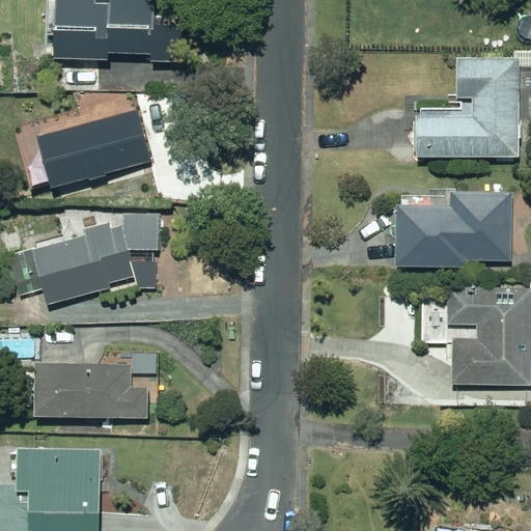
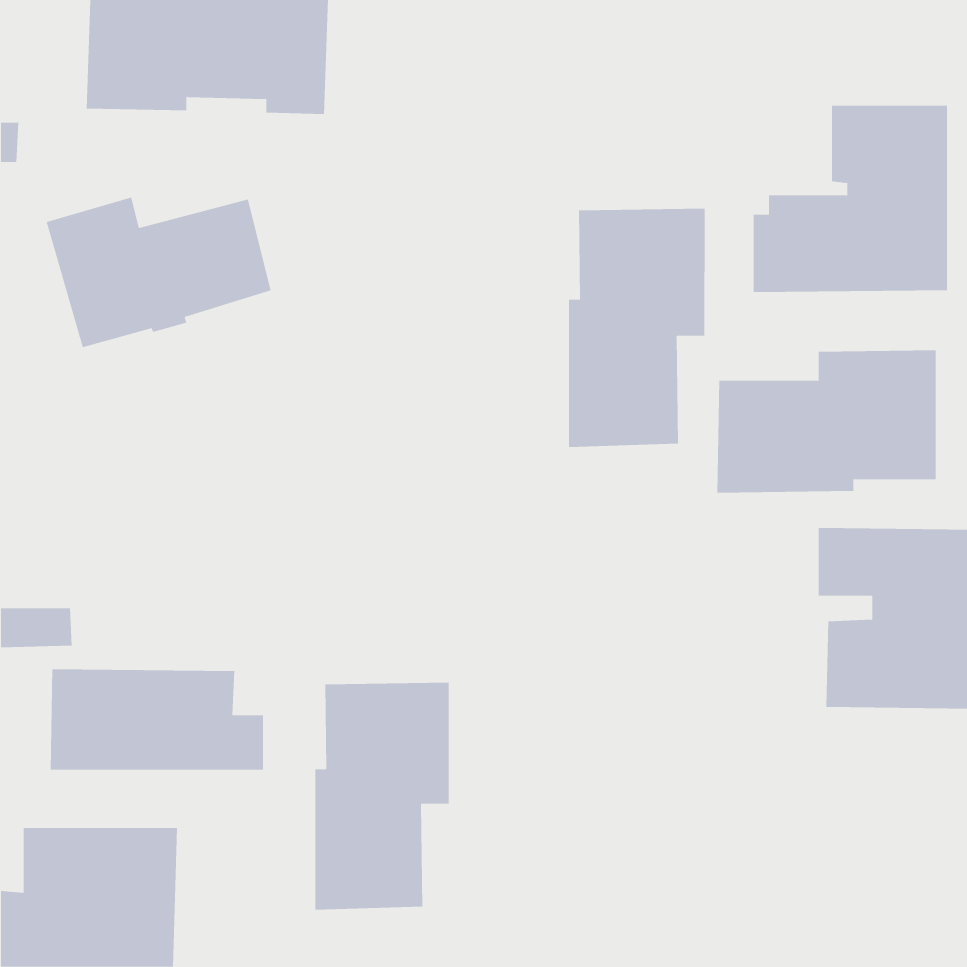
building: none -> [568,208,705,448]
building: [9,211,163,304] -> none
building: none -> [315,682,449,911]

